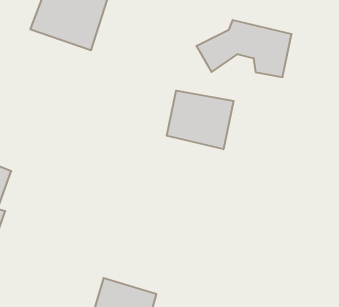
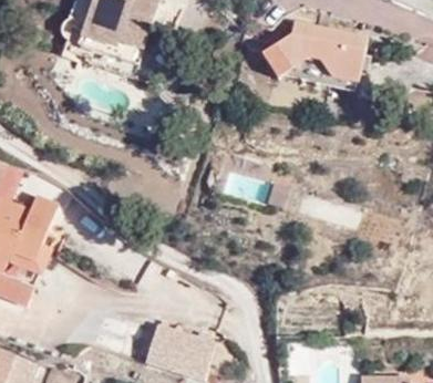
building: [167,91,234,149] -> none

